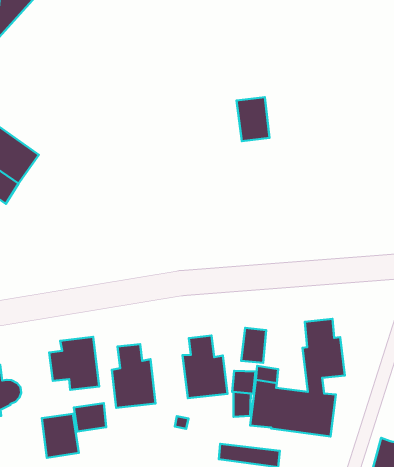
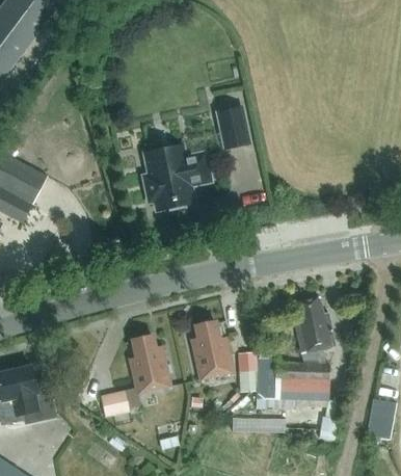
building: none -> [139,146,211,210]
building: [241,328,266,363] -> none
building: [49,337,99,390] -> none
building: [42,414,79,458] -> none

